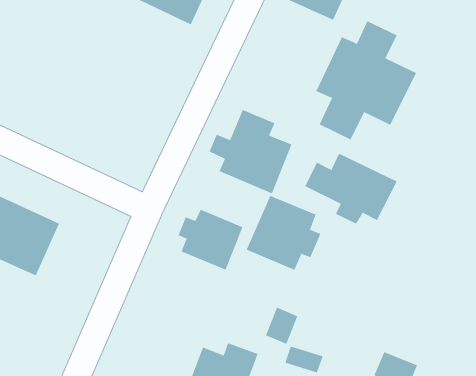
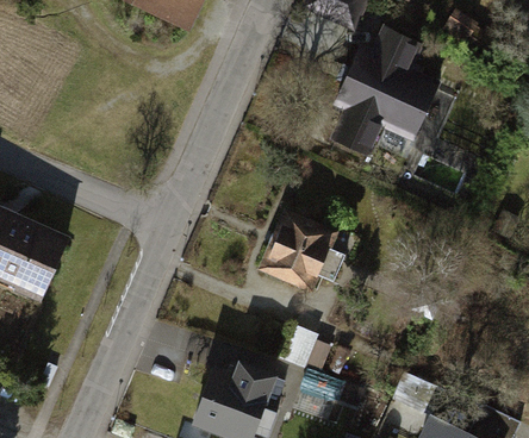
building: [209,109,292,194] -> none
building: [305,153,397,225] -> none
building: [178,209,243,271] -> none

